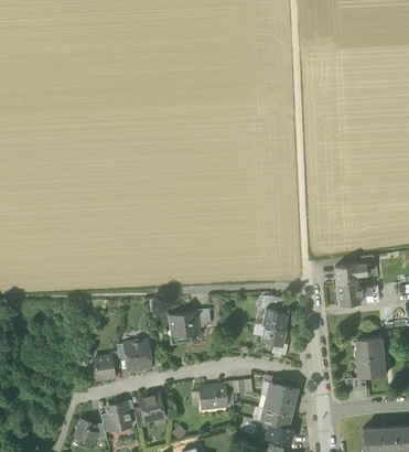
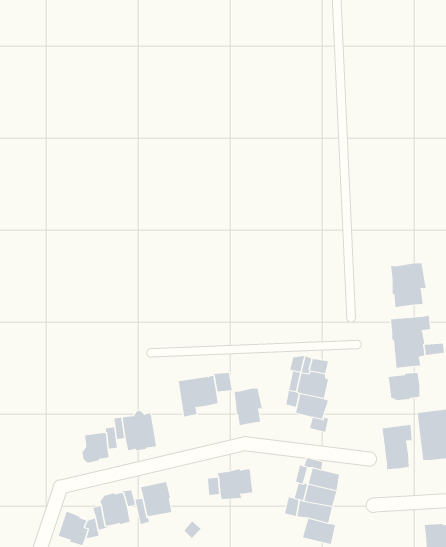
building: none -> [390,263,426,308]
building: none -> [388,372,420,401]
building: none -> [234,388,262,426]
building: none -> [382,424,412,470]

